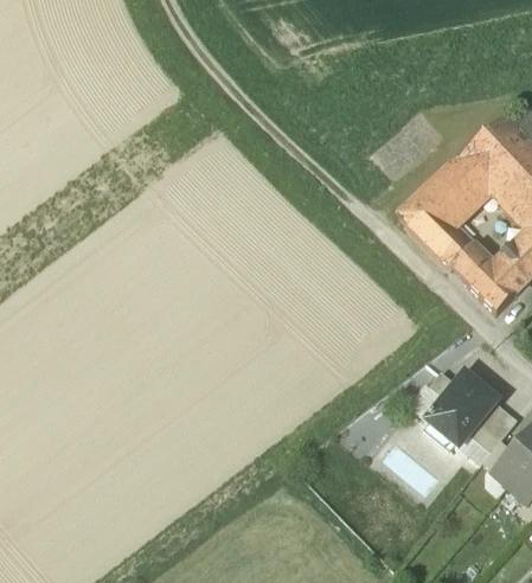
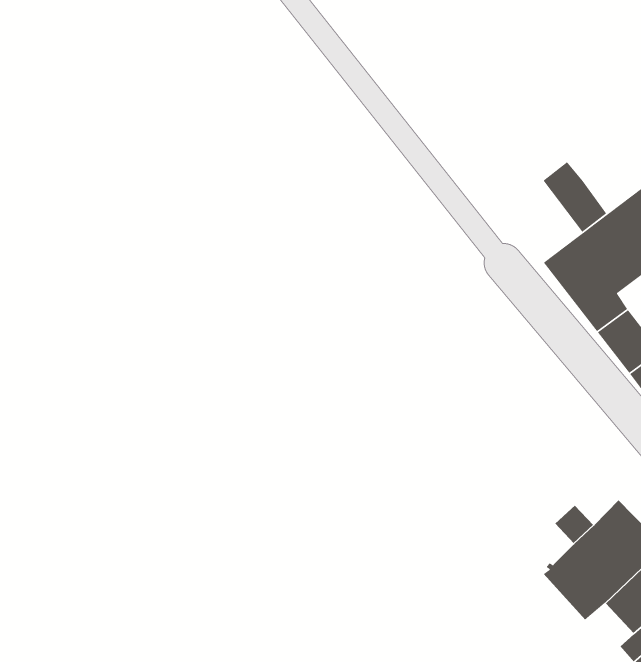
building: none -> [543,161,607,233]

